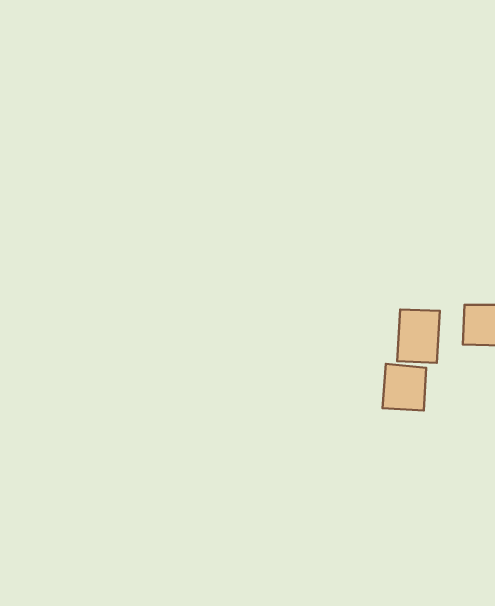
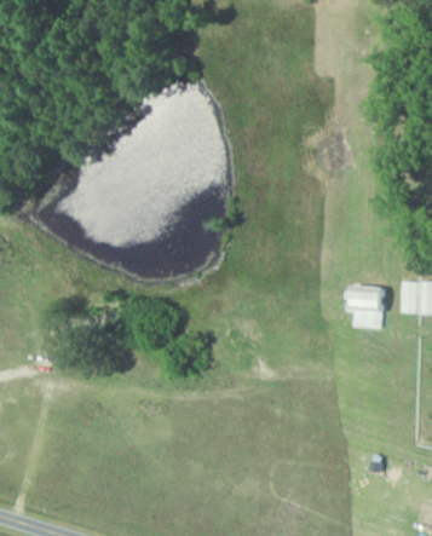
building: [382,364,426,411] -> none

